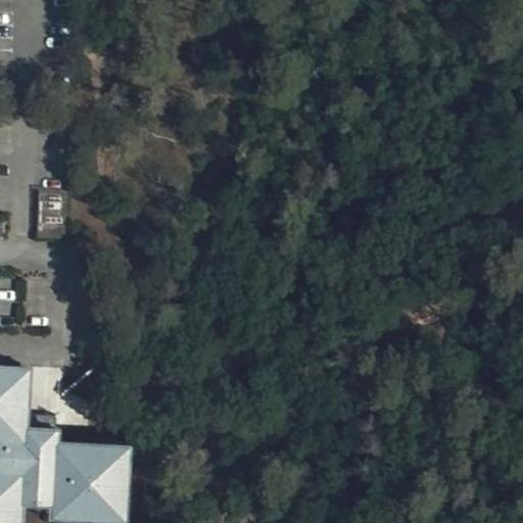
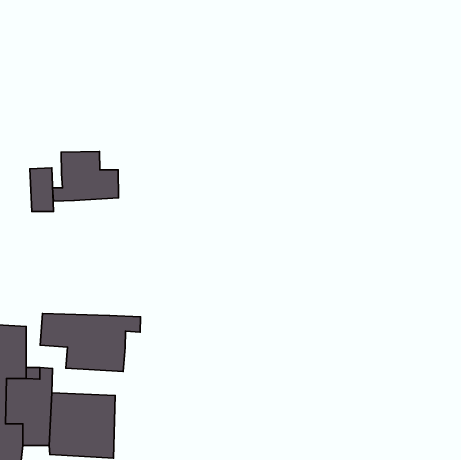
building: none -> [53,151,119,201]
building: none -> [40,314,140,371]

